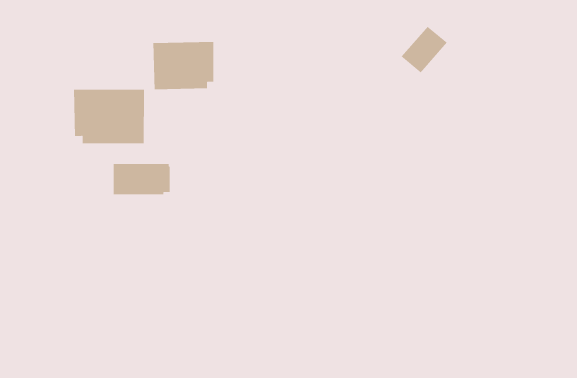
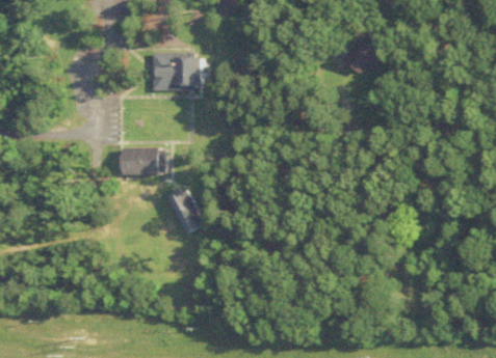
building: [73,89,145,144] -> none
building: none -> [169,190,207,235]

